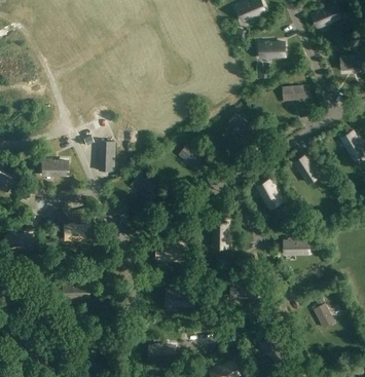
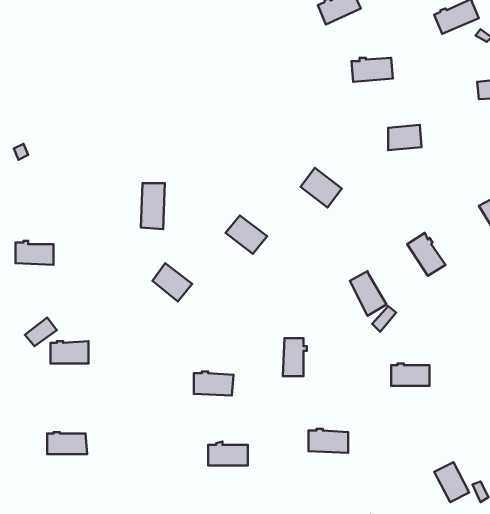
building: [99,142,114,172] -> [141,183,165,229]

